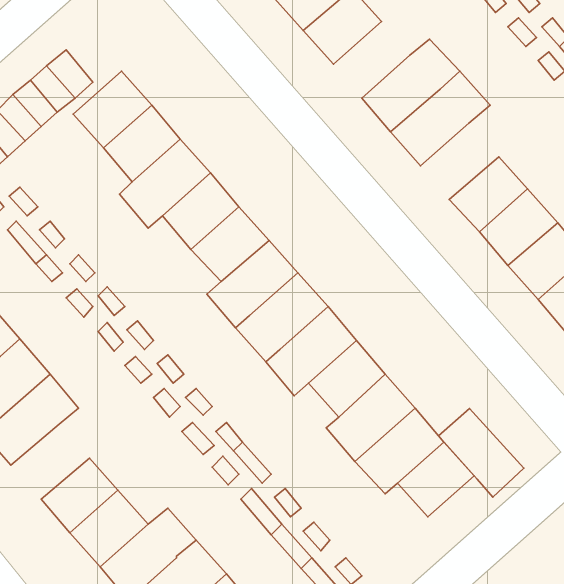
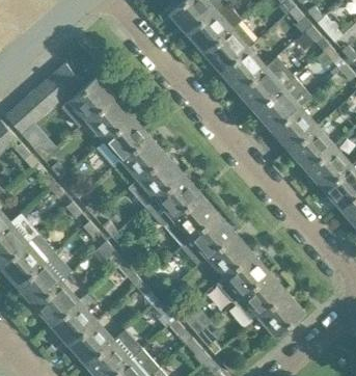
building: none -> [221,47,266,91]
building: none -> [272,106,318,151]
building: [438,408,524,497] -> none
building: none -> [33,281,79,325]

